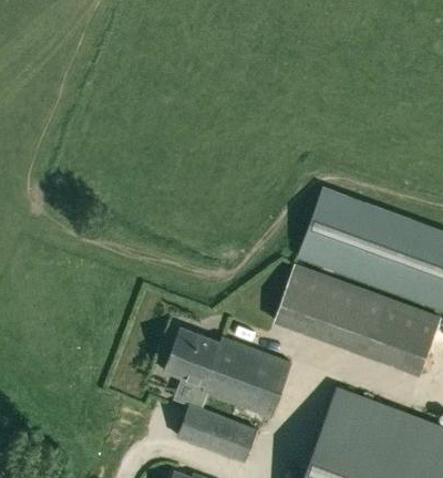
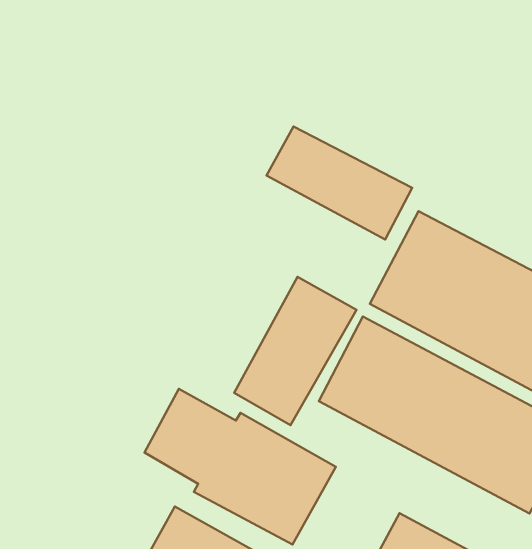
building: none -> [267,126,412,240]
building: none -> [234,277,357,425]

